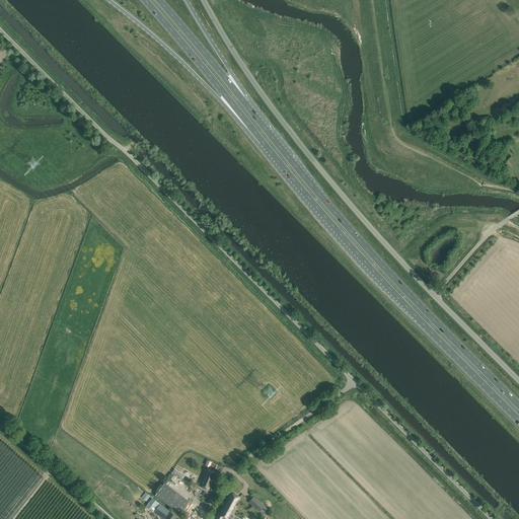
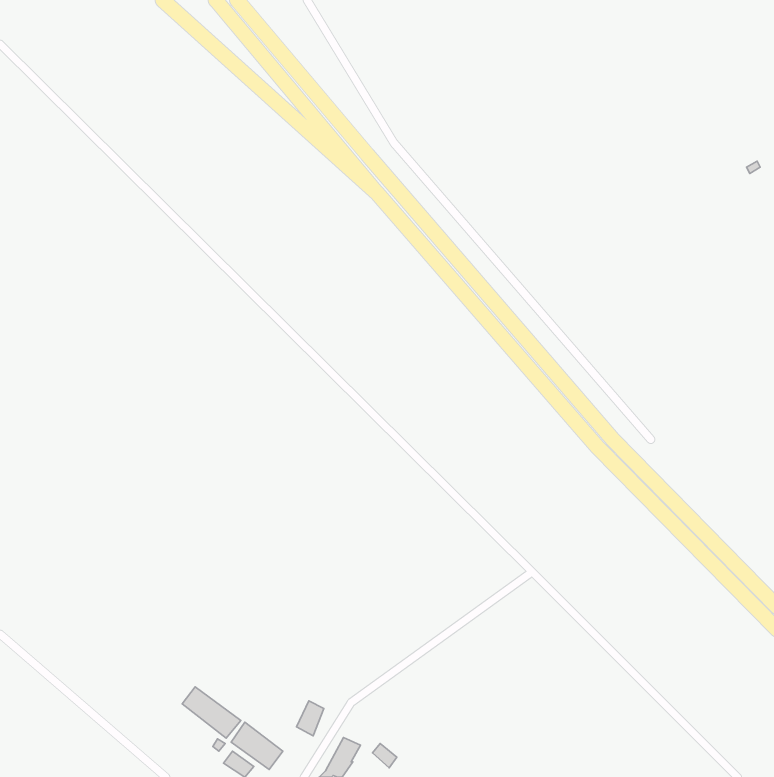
building: none -> [182,687,241,738]

